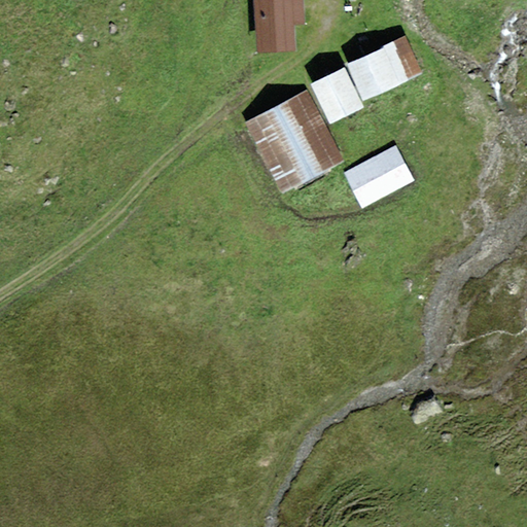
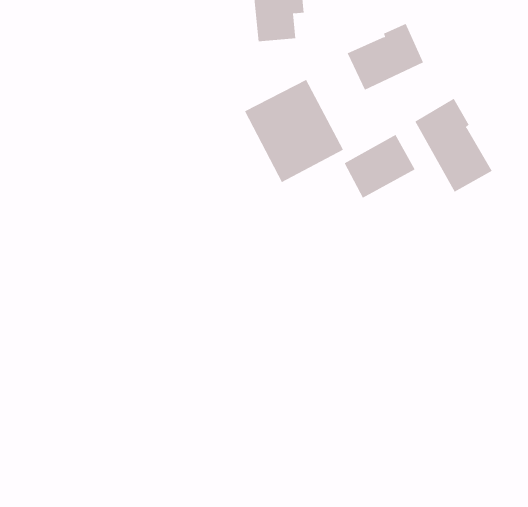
building: [309,66,363,124] -> none
building: none -> [415,98,493,193]

